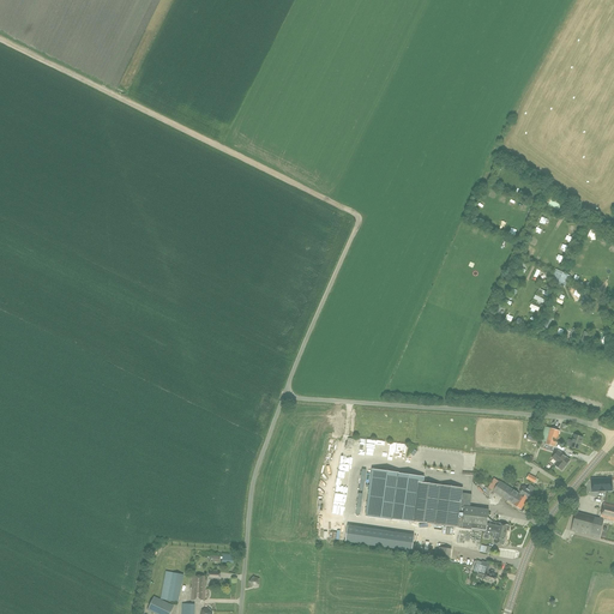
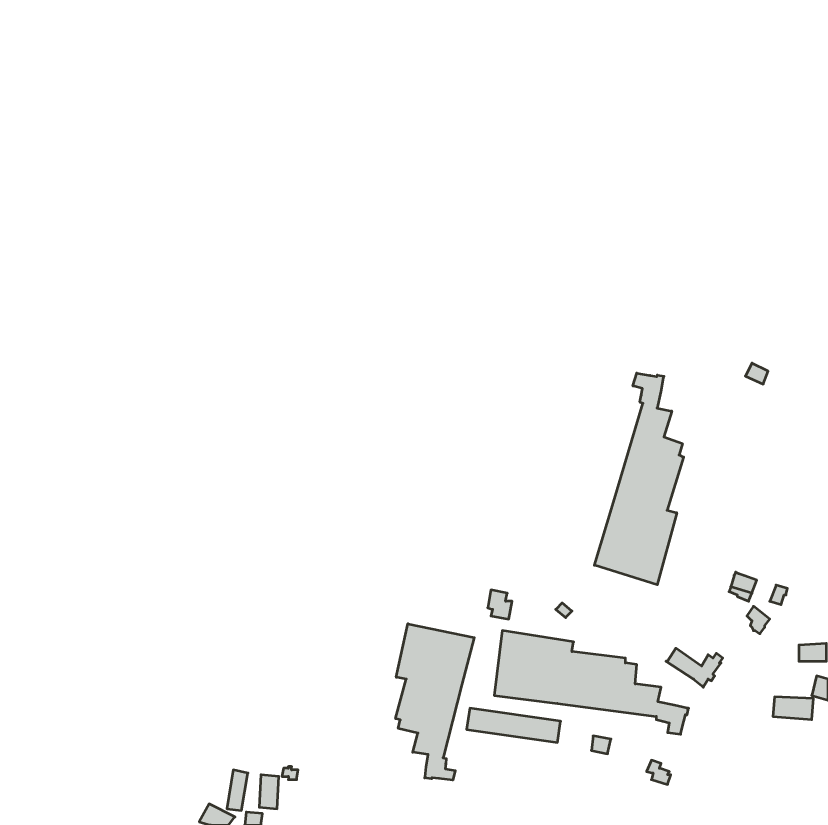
building: none -> [594,373,684,585]
building: none -> [396,624,474,780]

